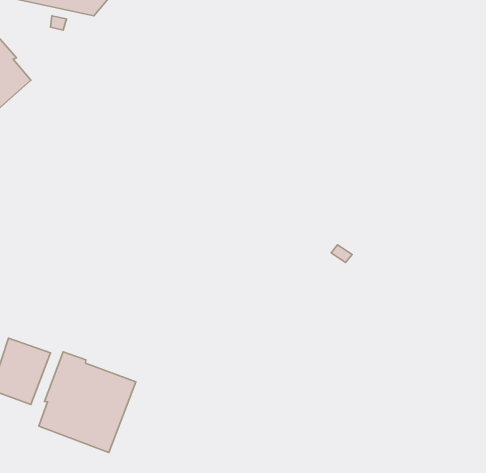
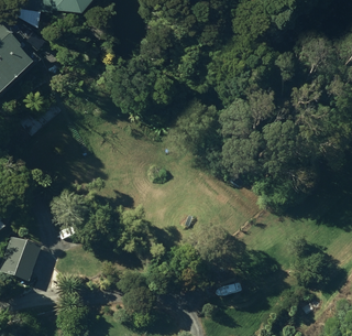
building: [39,352,136,453] -> none

